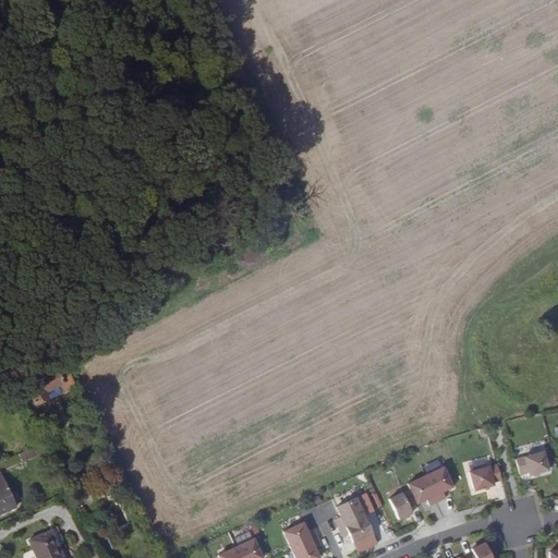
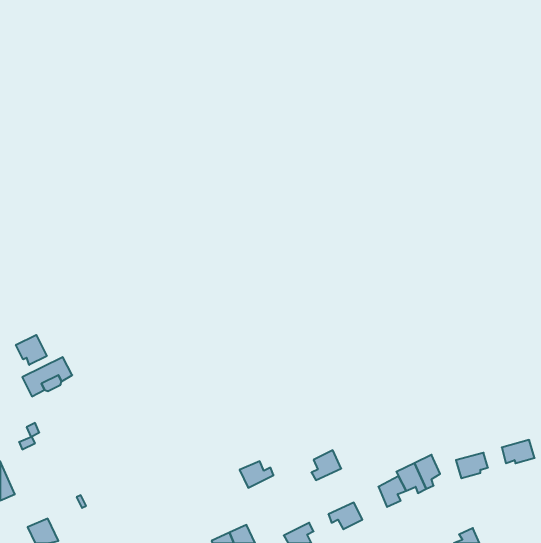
building: none -> [16,335,47,365]
building: [335,497,365,527] -> [311,450,341,480]
building: [284,522,319,549] -> [240,461,274,488]

